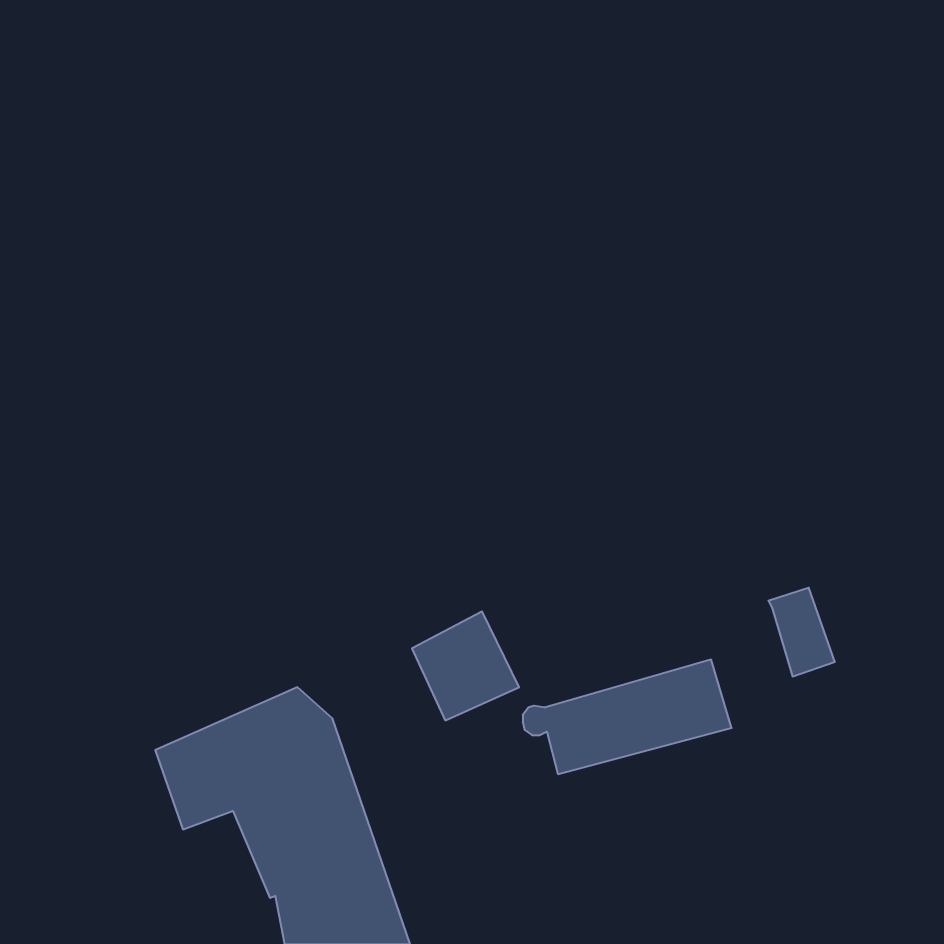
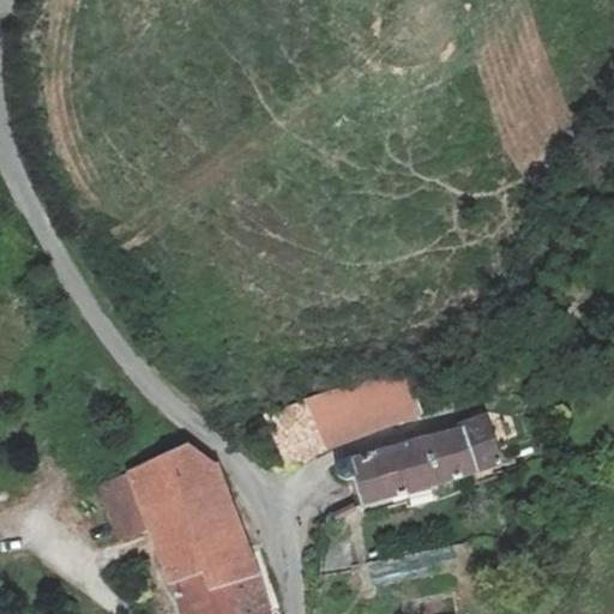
building: none -> [313,355,419,446]
building: [768,588,835,676] -> [459,415,502,472]

